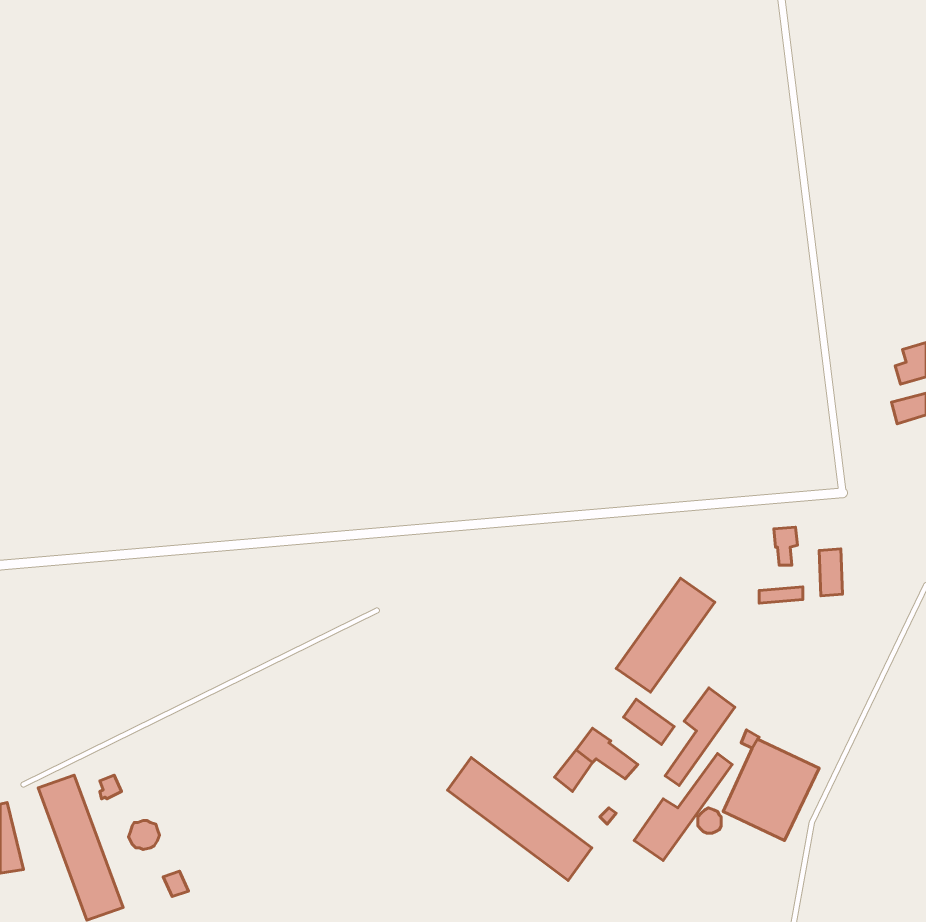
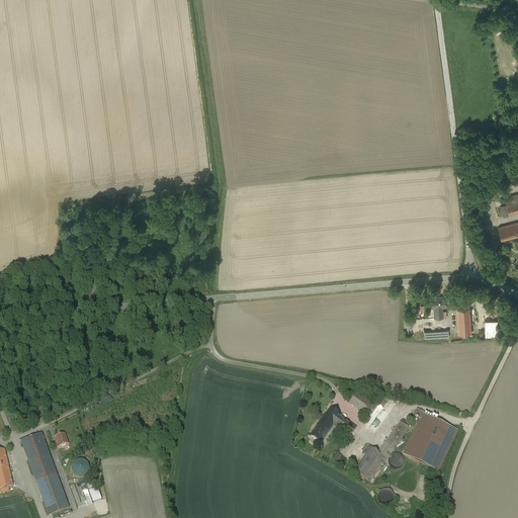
building: [616,578,715,692] -> none
building: [665,688,735,785] -> none
building: [448,757,592,880] -> none

